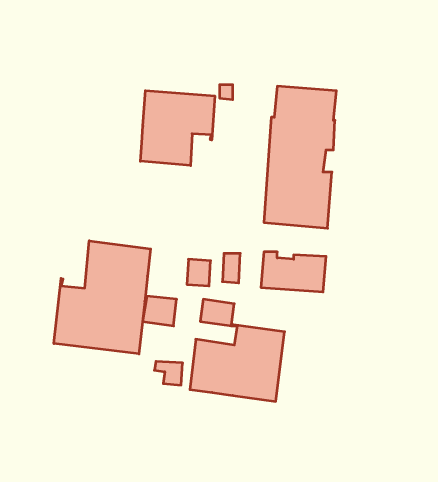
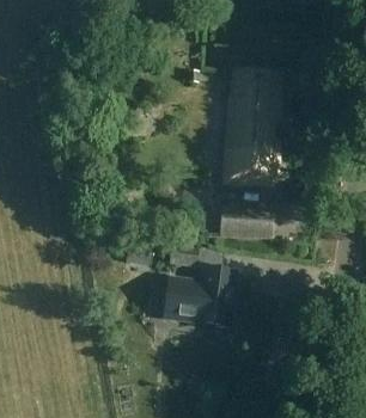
building: [140,91,215,166] -> none
building: [54,241,151,354] -> none

